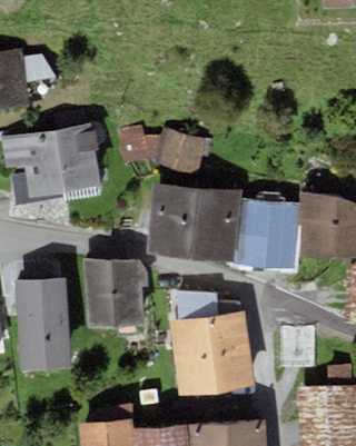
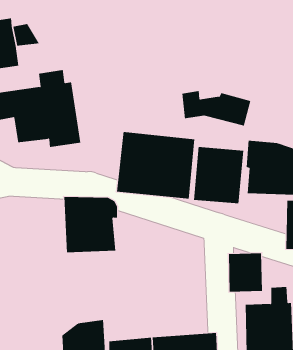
building: [121,128,204,170] -> [181,91,251,126]
building: [16,277,70,371] -> none
building: [169,293,255,396] -> none

